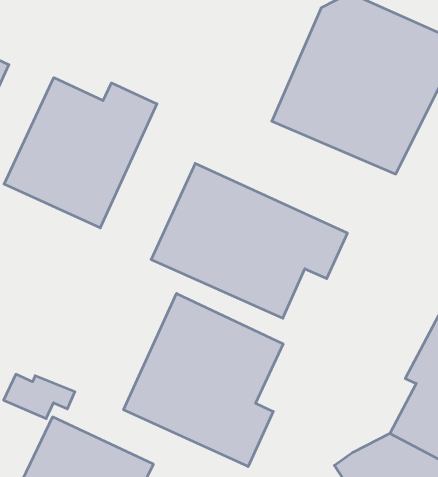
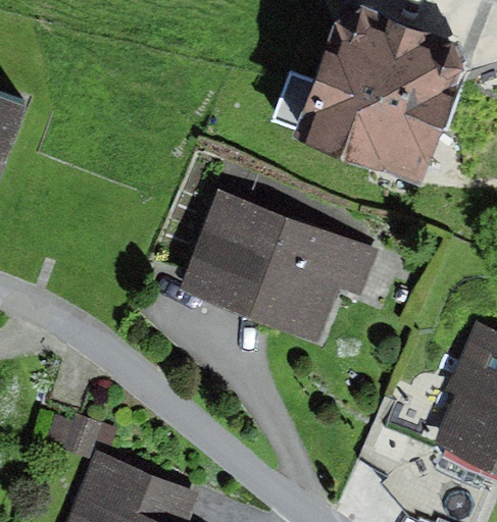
building: [4,78,157,228] -> none
building: [124,293,283,467] -> none

